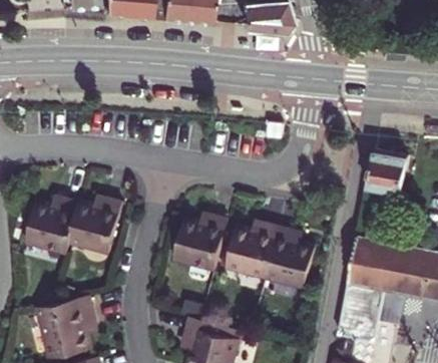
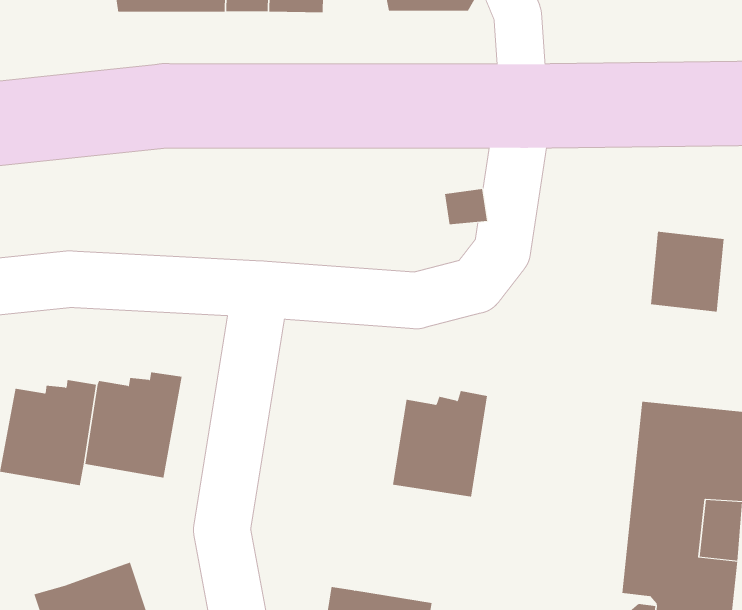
building: [173,216,228,271] -> none
building: [265,228,315,289] -> none

